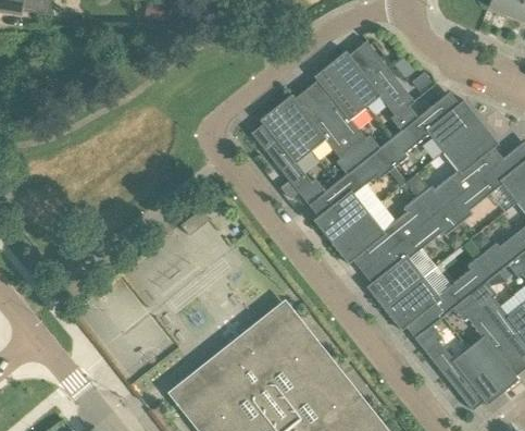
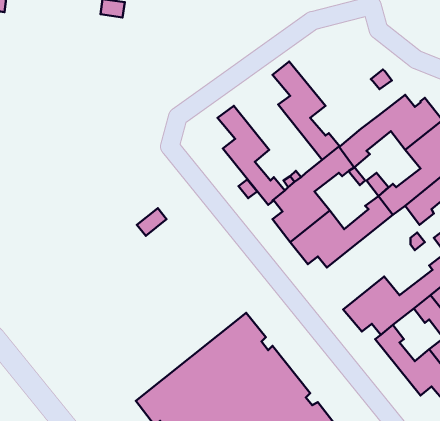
building: [330,50,418,130] -> none
building: [276,94,363,173] -> none
building: [366,206,459,308] -> none

